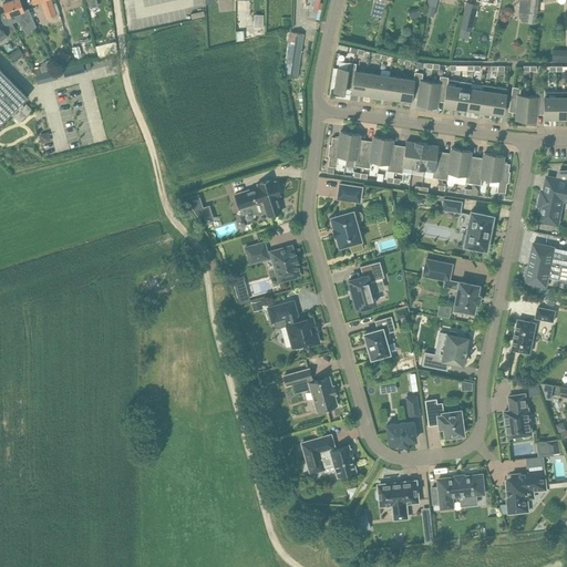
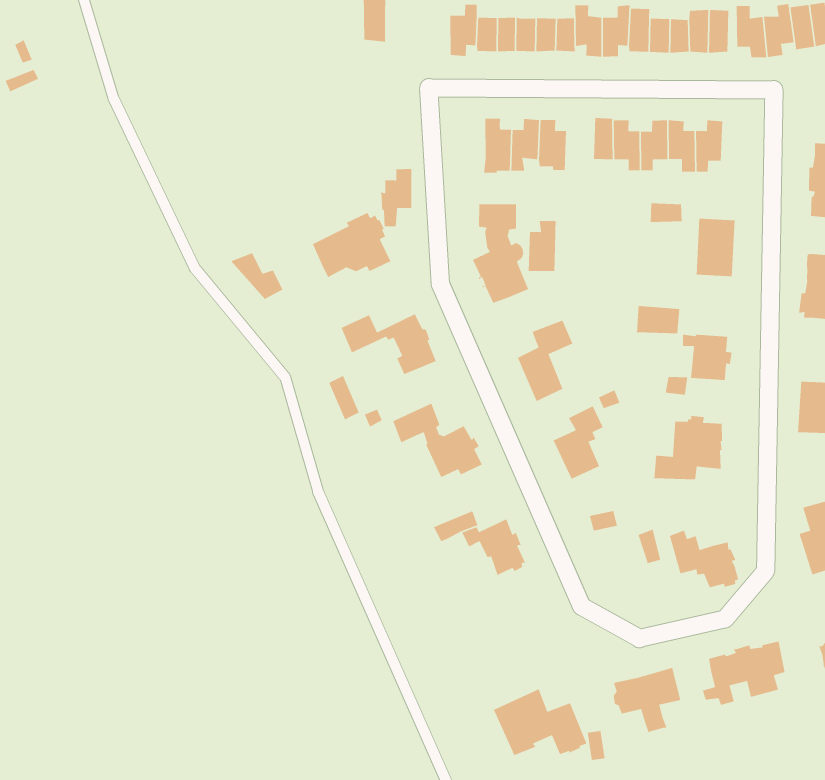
building: [328,133,350,168] -> [380,168,412,227]
building: [394,143,416,175] -> [528,218,557,272]
building: [489,156,509,194] -> none
building: [386,422,415,446] -> none
building: [301,435,355,477] -> [493,688,587,756]

